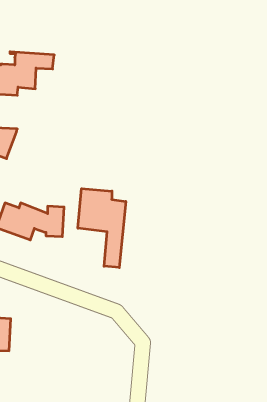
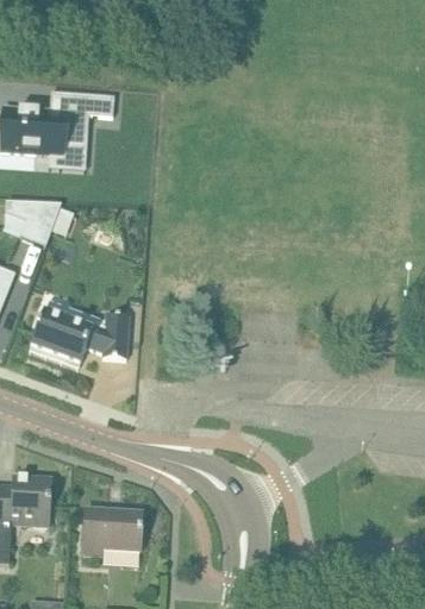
building: [78,189,126,268] -> none
building: none -> [82,508,142,555]

